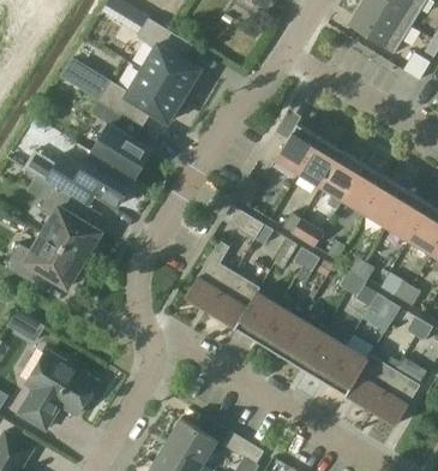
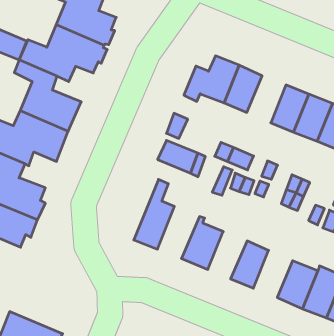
building: [320,151,365,201] -> none
building: [208,270,256,324] -> none
building: [256,304,300,353] -> none
building: [299,330,343,380] -> none

